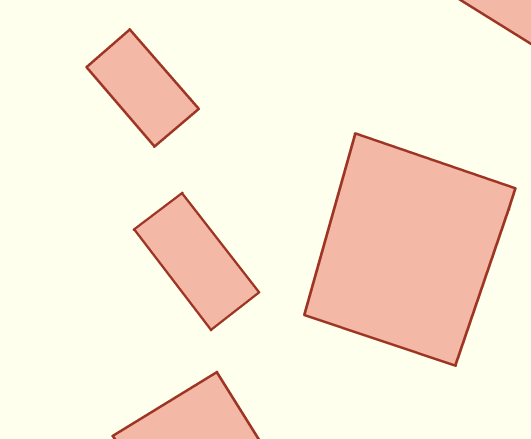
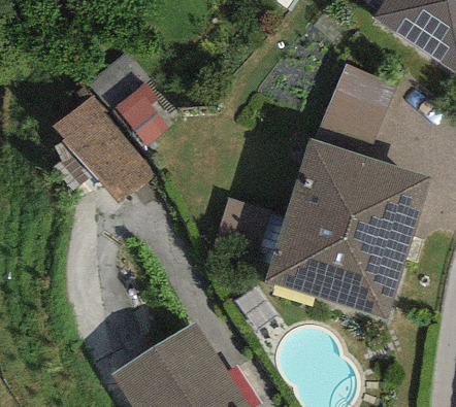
building: none -> [316,63,397,150]
building: [134,193,259,330] -> [55,95,154,203]

